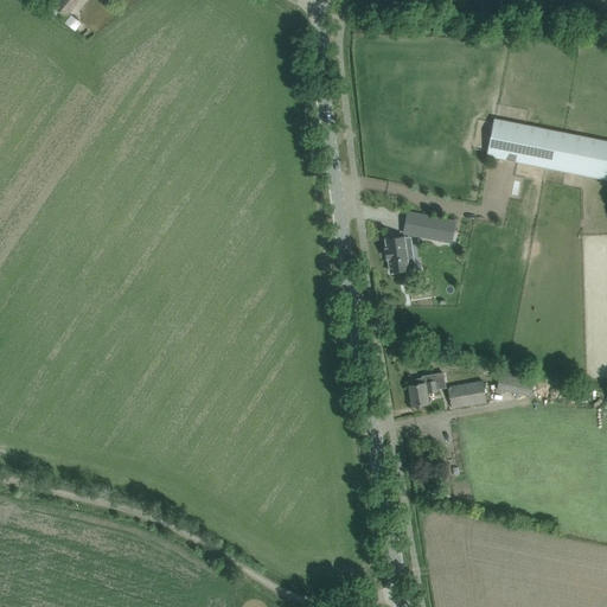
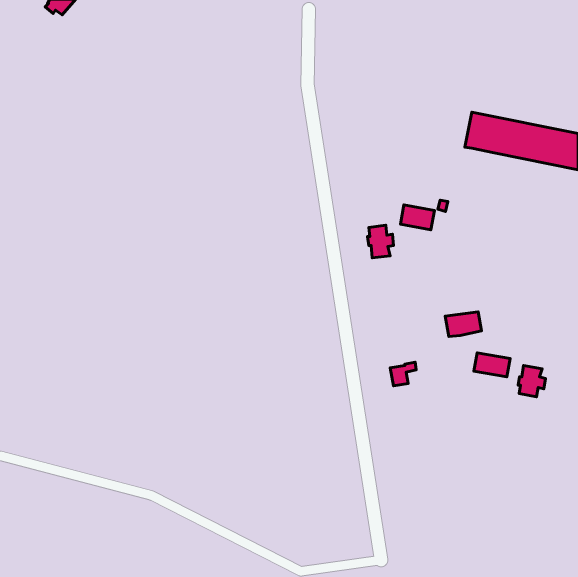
building: [448,381,486,407] -> [445,312,482,337]
building: none -> [518,366,545,397]

